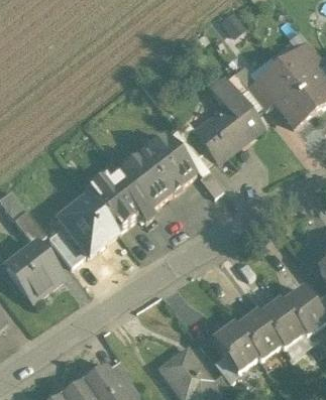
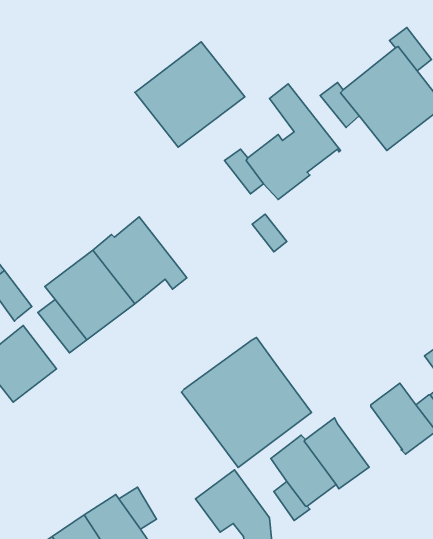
building: [119,134,196,208] -> [135,42,245,147]
building: none -> [181,337,311,468]
building: [258,298,304,348] -> none

